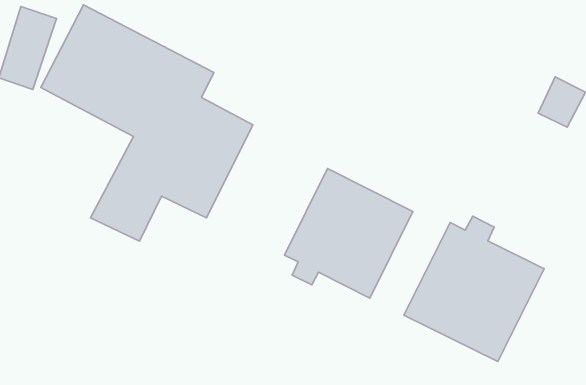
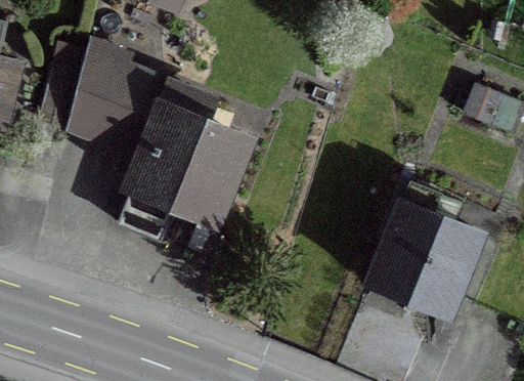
building: [284,168,413,298] -> none

